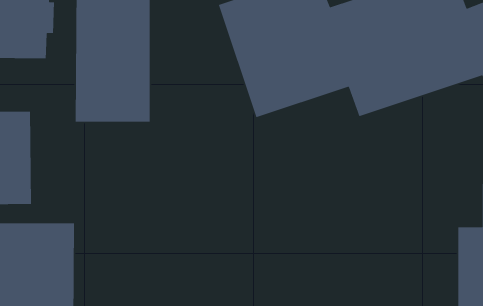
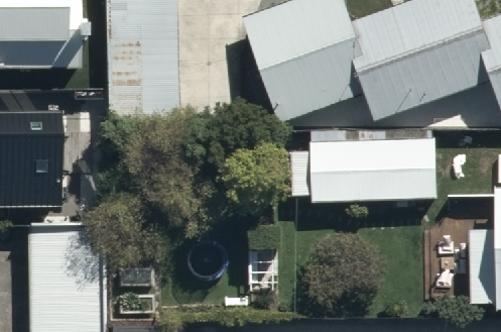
building: none -> [310,130,436,203]

